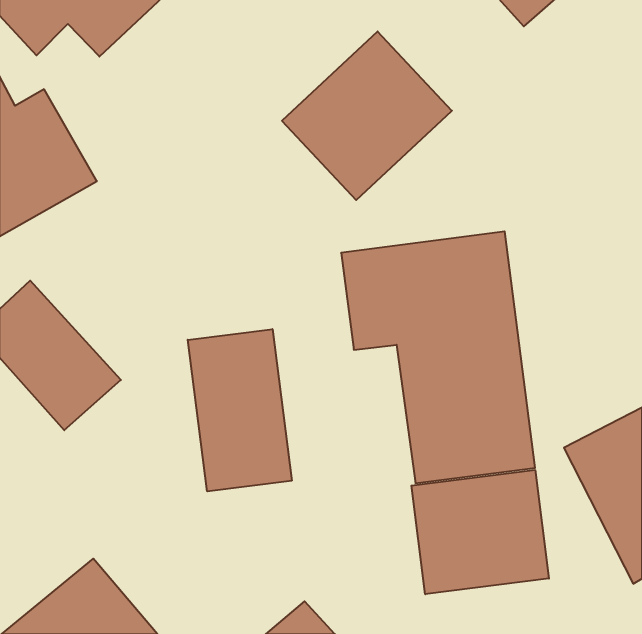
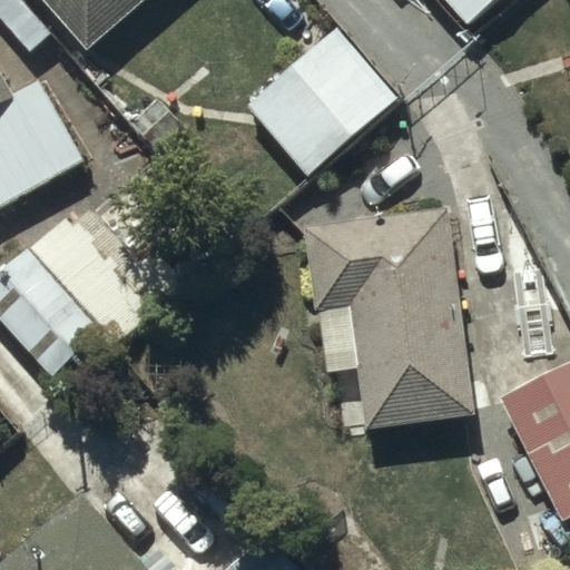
building: [188,329,292,491] -> none
building: [411,470,549,594] -> none

